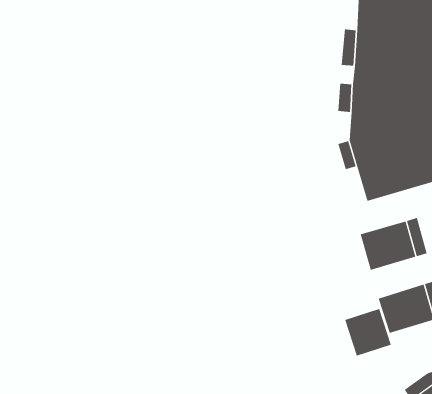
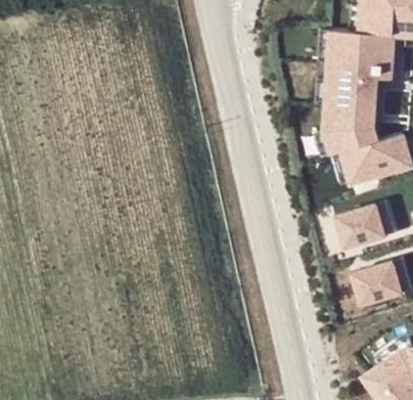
building: [345,308,391,357] -> none

